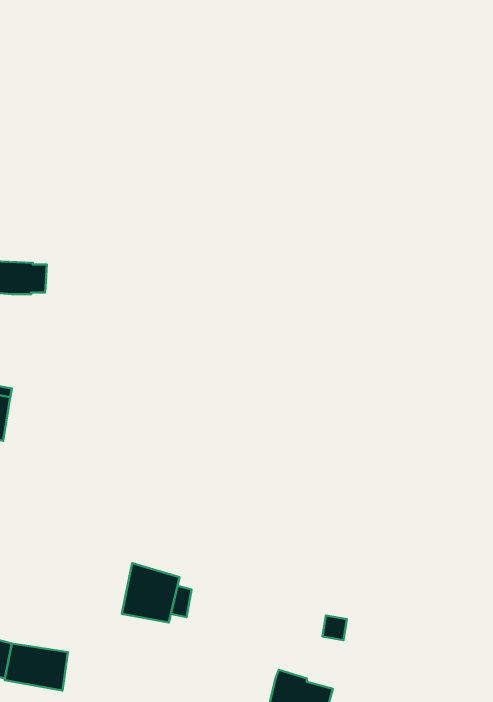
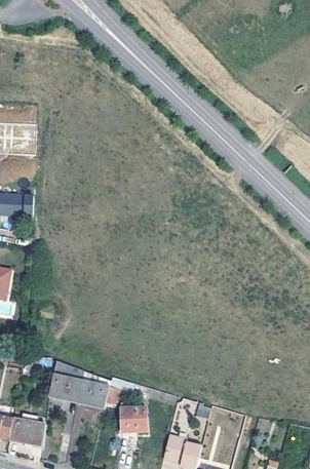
building: none -> [48,364,83,402]
building: none -> [120,406,148,432]

